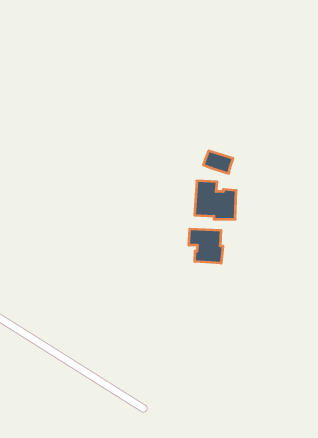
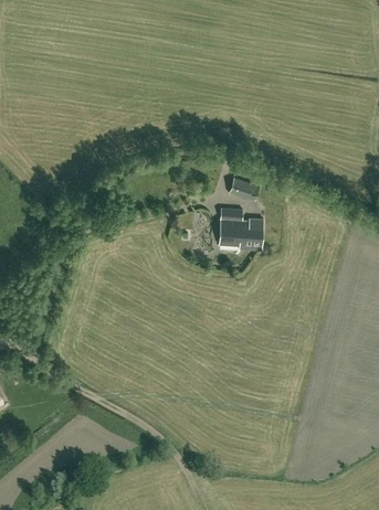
building: [189,229,223,263] -> none

